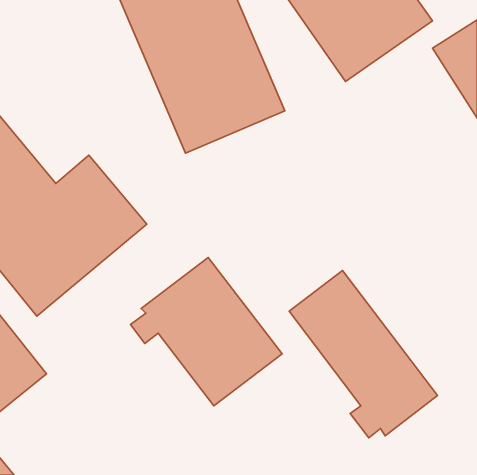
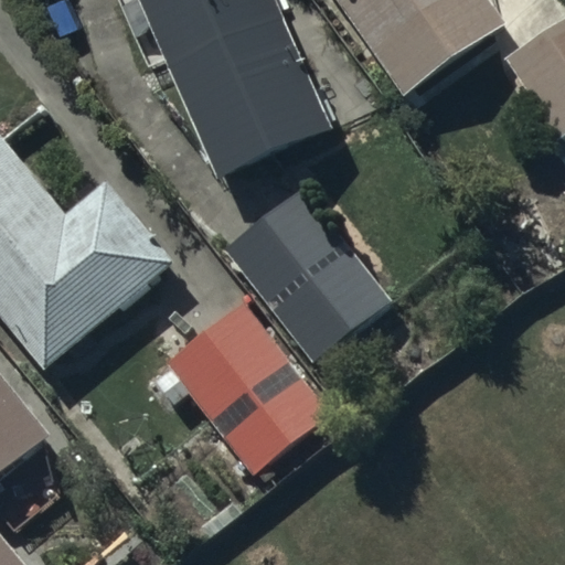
building: none -> [221,184,392,362]
building: [289,270,438,438] -> none

